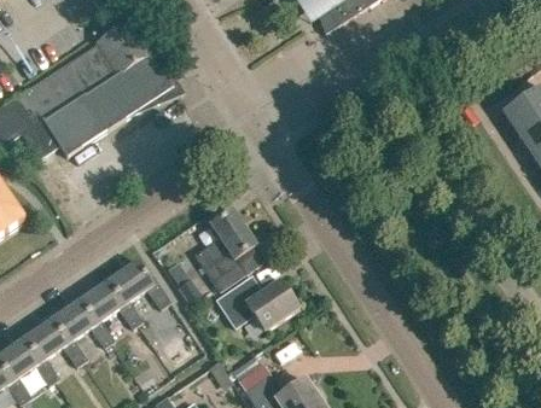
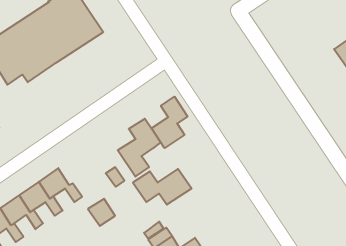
building: none -> [152,97,187,148]
building: [110,258,171,307] -> none

